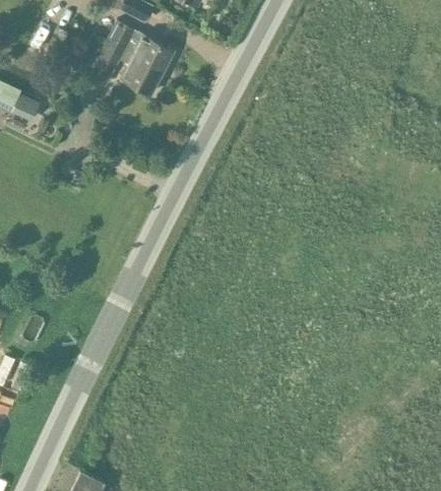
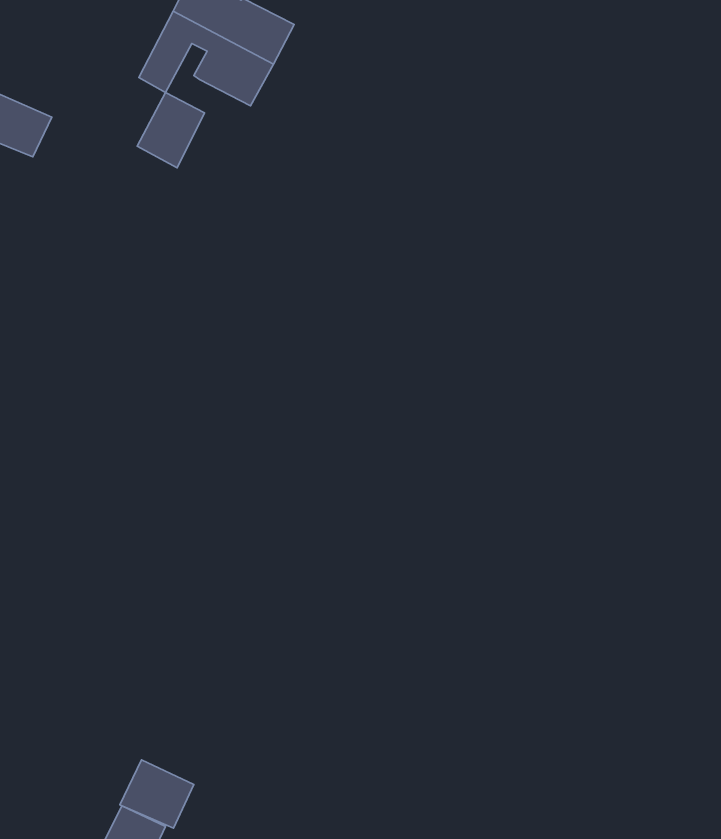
building: none -> [137,93,204,168]
building: none -> [120,760,194,828]

